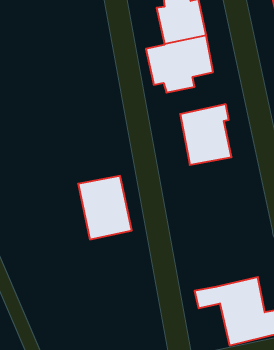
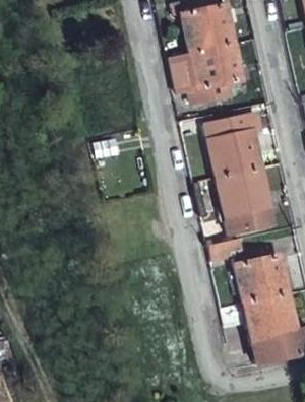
building: [78,176,132,239] -> [217,170,272,236]
building: none -> [208,238,288,305]

